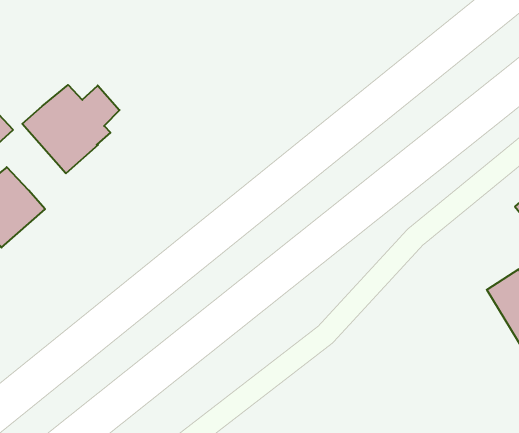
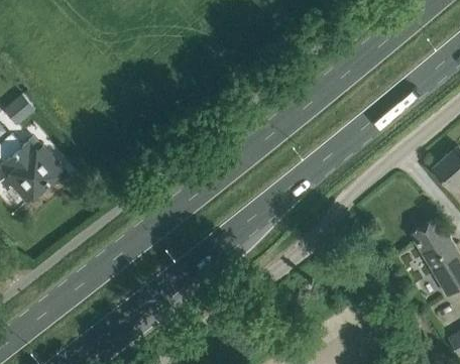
building: [22,85,120,173] -> none

